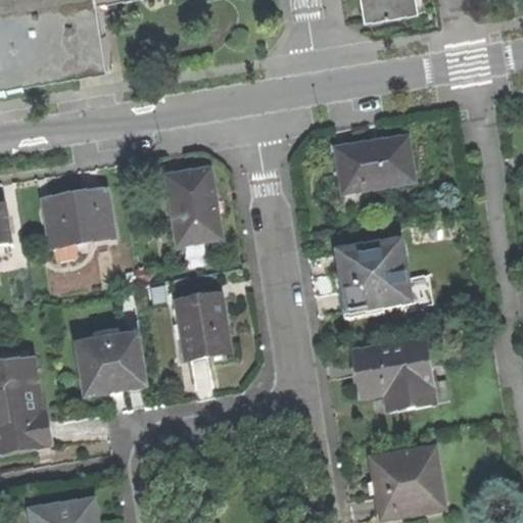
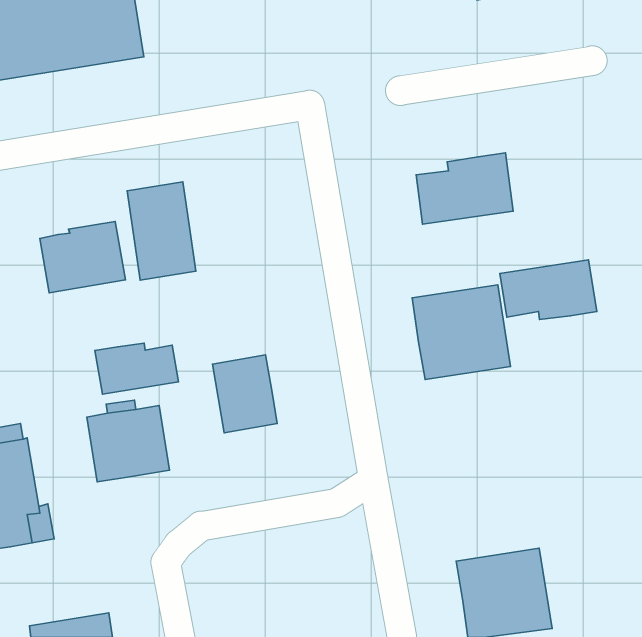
building: [165,167,220,244] -> [127,182,196,280]
building: none -> [500,260,597,320]
building: none -> [95,343,178,394]
building: [351,340,435,415] -> none

